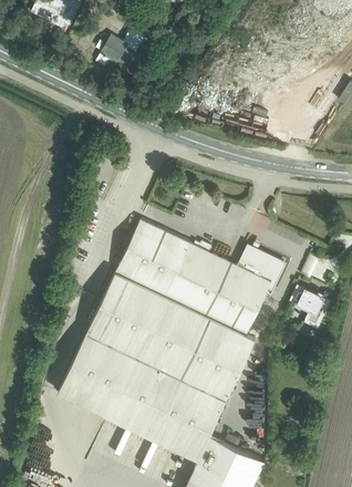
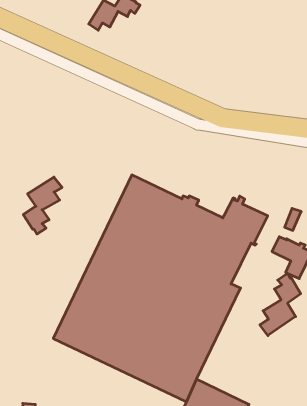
building: none -> [23,177,62,234]
building: none -> [260,273,301,336]

